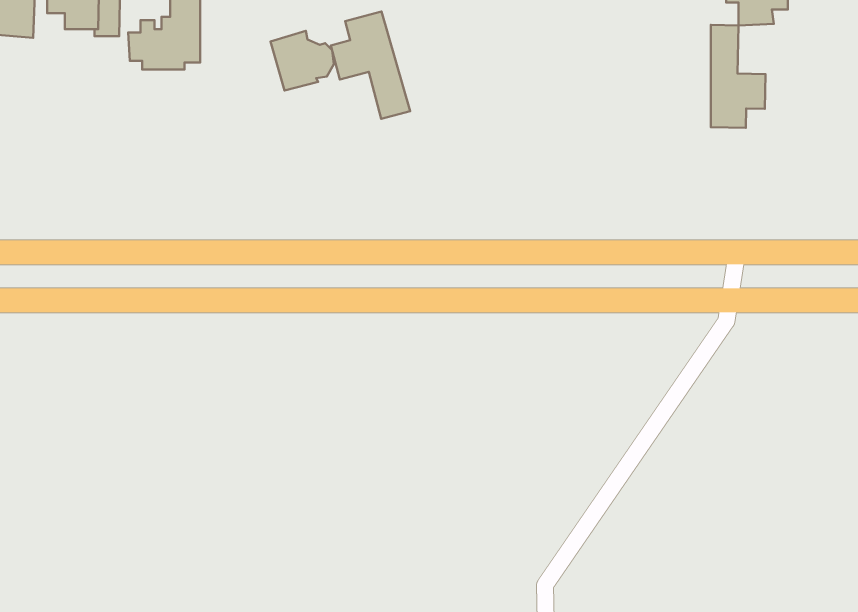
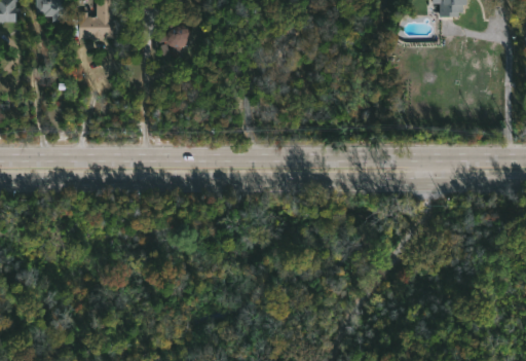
building: [331,12,410,119] -> none
building: [711,25,765,128] -> none

